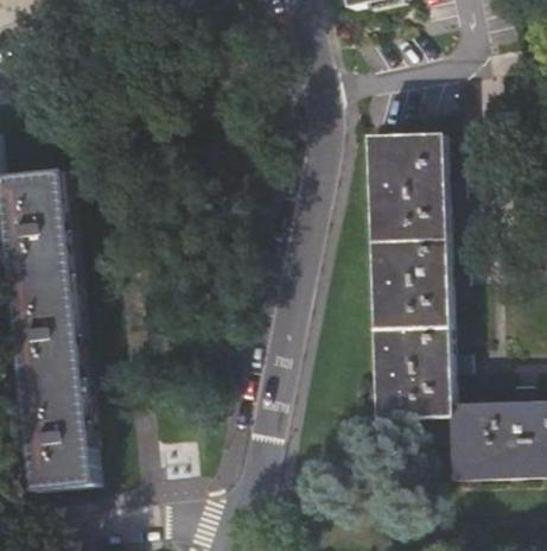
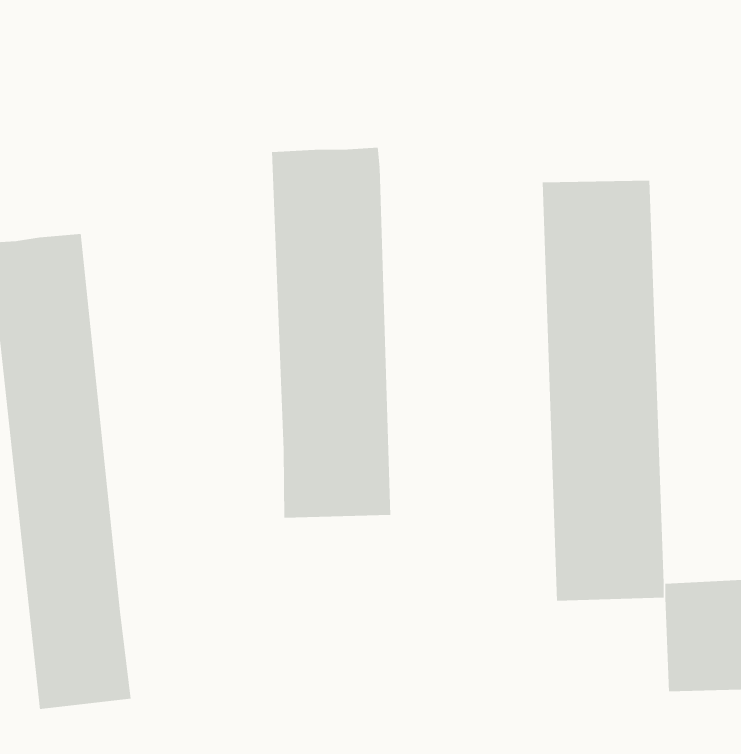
building: none -> [271,147,391,519]

